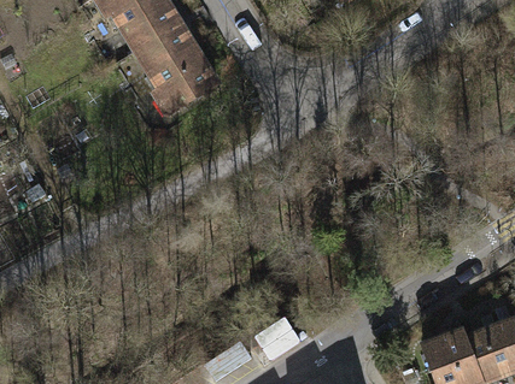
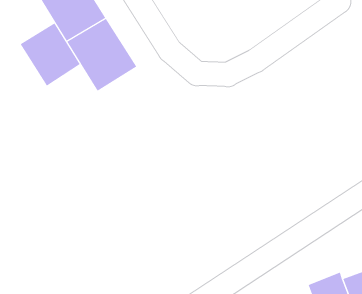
building: none -> [20,22,80,86]

